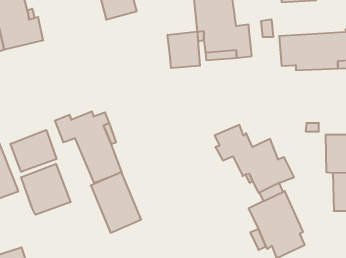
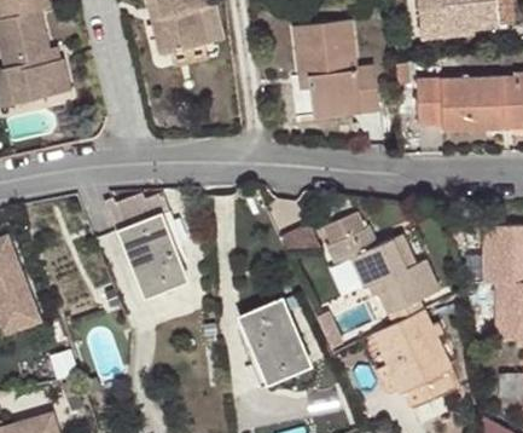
building: [168,32,200,68] -> none
building: [10,130,56,172] -> none
building: [21,164,71,215] -> none
building: [91,172,141,233] -> [238,298,312,386]

